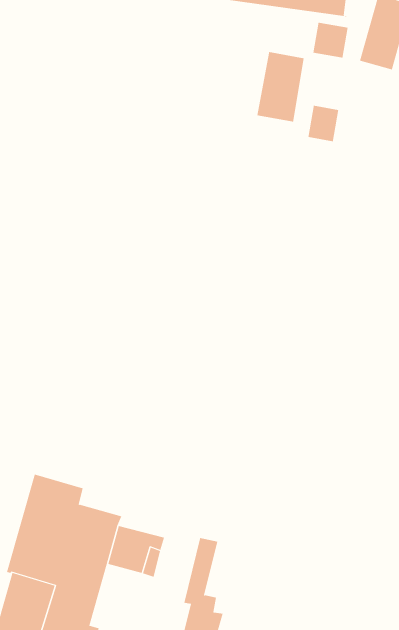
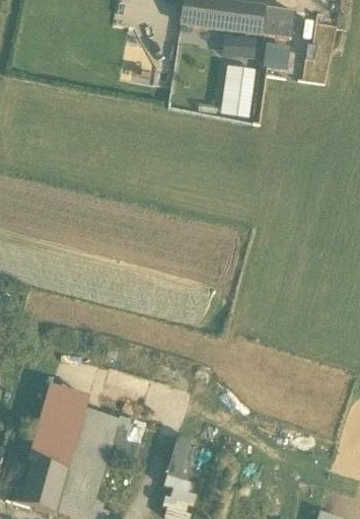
building: none -> [221,33,255,57]
building: [308,105,339,142] -> none

